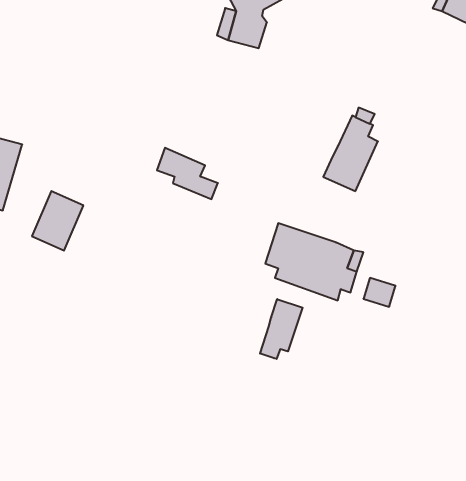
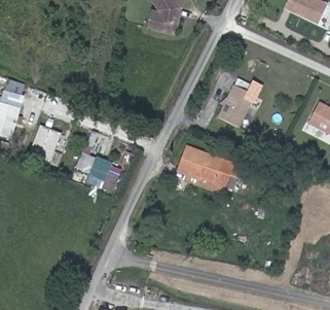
building: [157,148,218,199] -> [81,150,120,183]
building: [260,299,303,359] -> none

